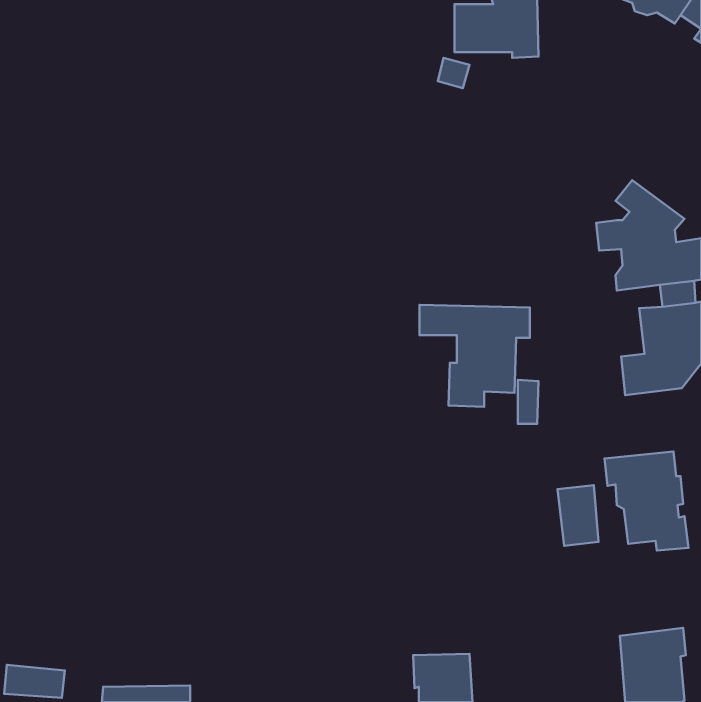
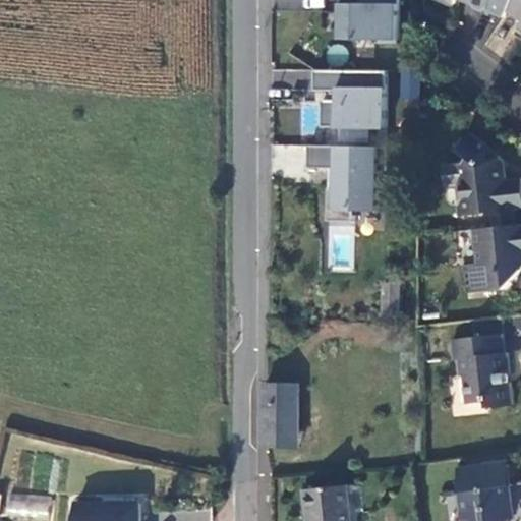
building: none -> [312,69,386,126]
building: [420,305,530,407] -> [306,144,388,220]
building: [557,485,599,546] -> none
building: none -> [264,383,292,445]

